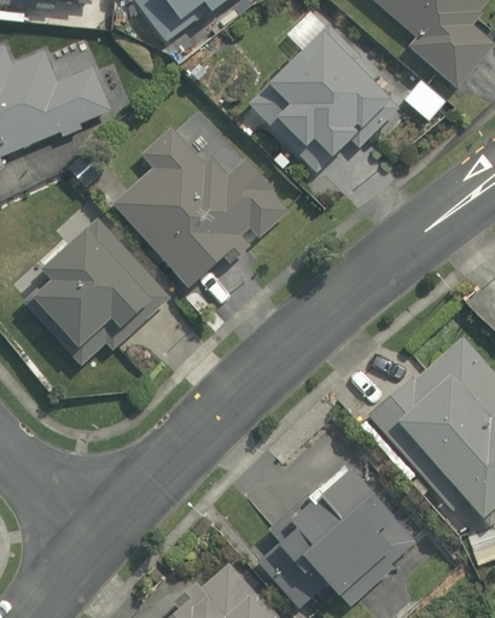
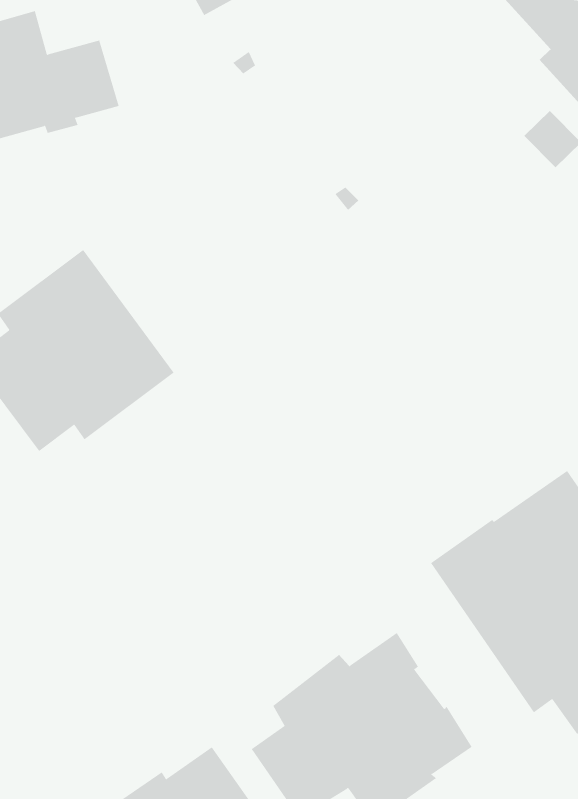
building: [247,24,398,173] -> none
building: [112,127,290,288] -> none

